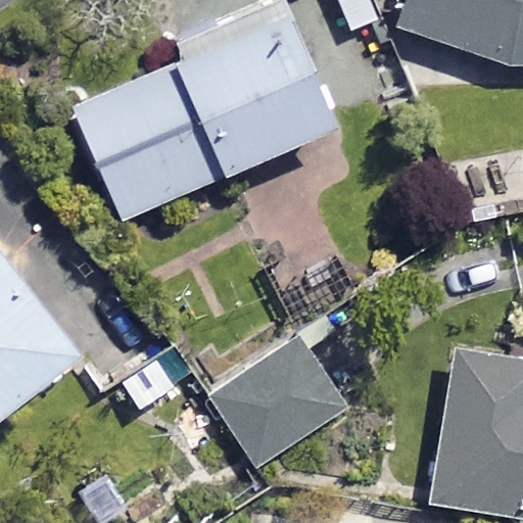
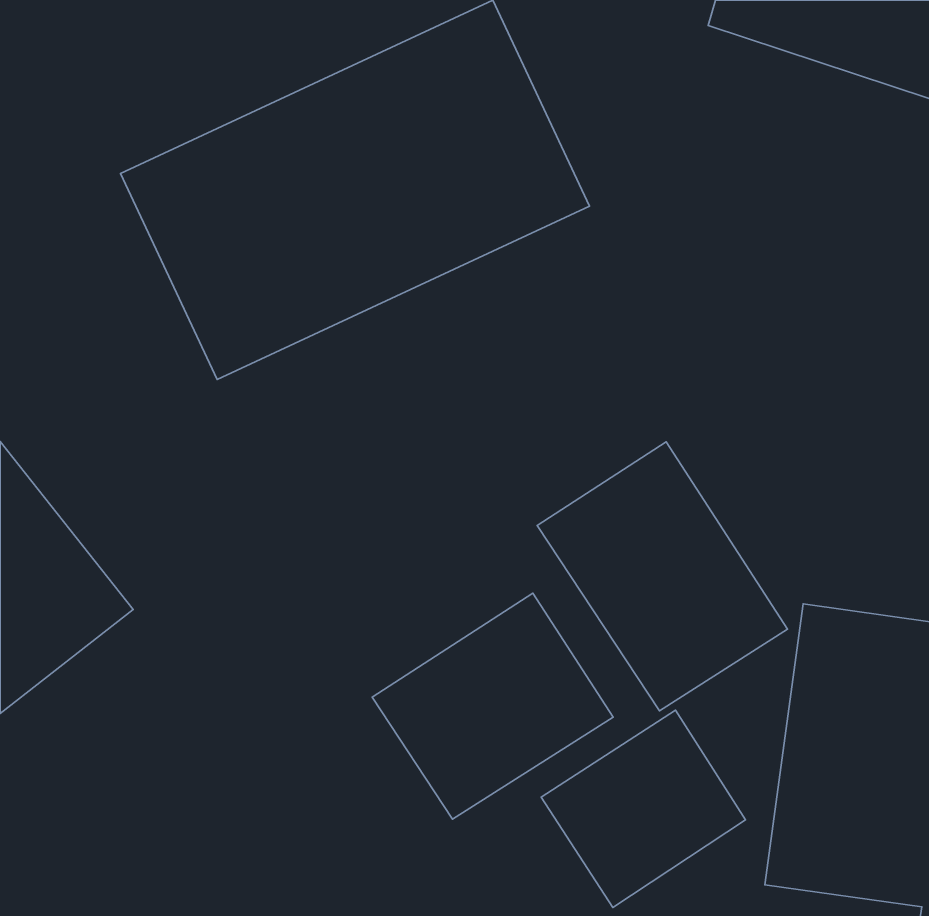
building: none -> [537,442,787,711]
building: none -> [541,710,746,908]

